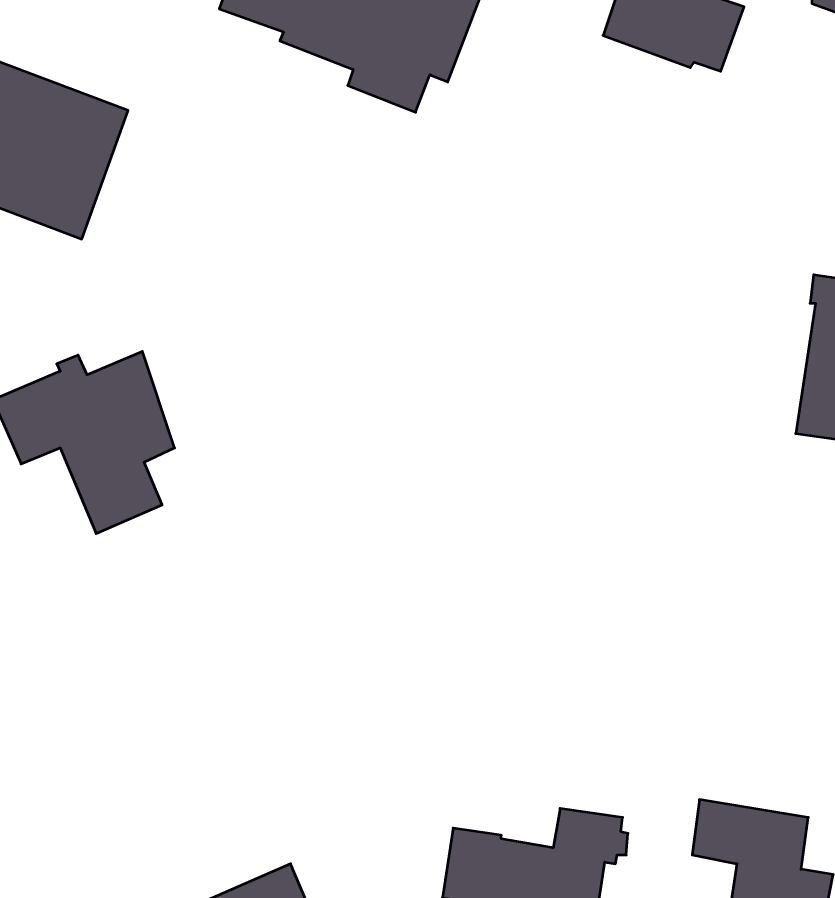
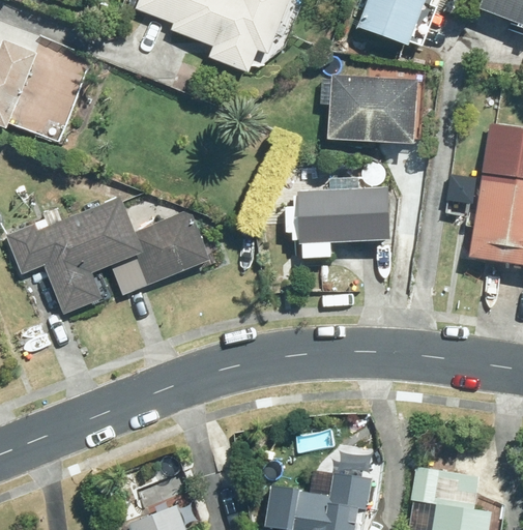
building: none -> [320,75,426,141]
building: none -> [284,177,390,257]
building: none -> [91,196,210,295]

